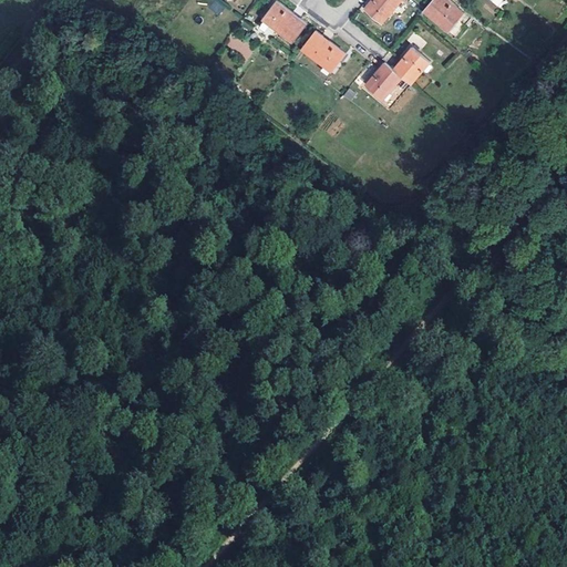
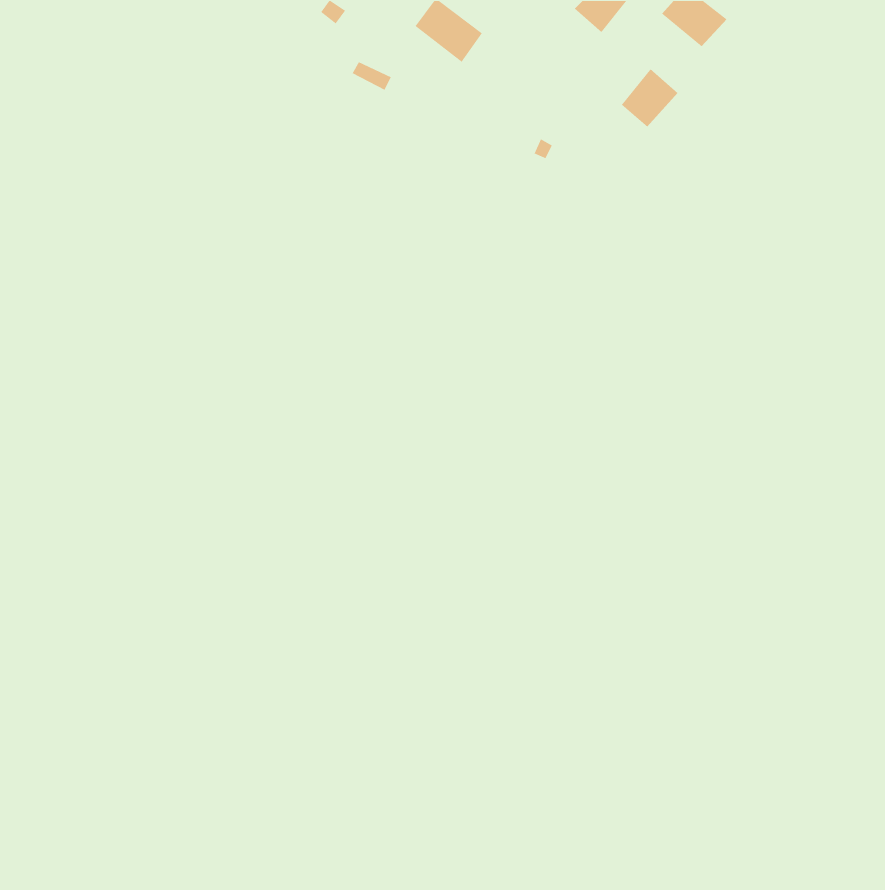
building: [301,30,346,72] -> none
building: [364,61,401,99] -> none

